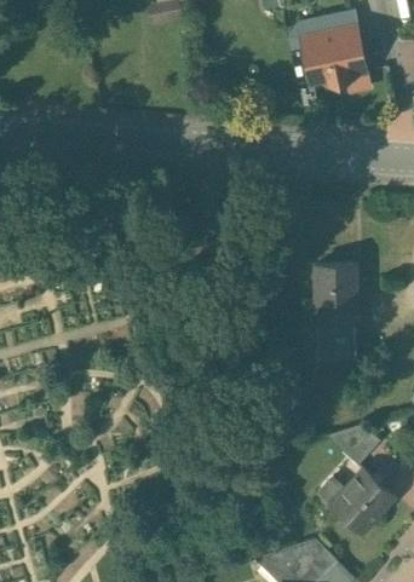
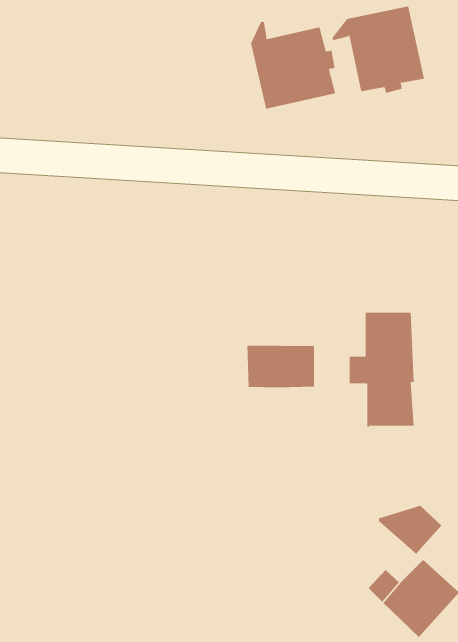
building: none -> [251,21,336,109]
building: none -> [247,345,314,388]

